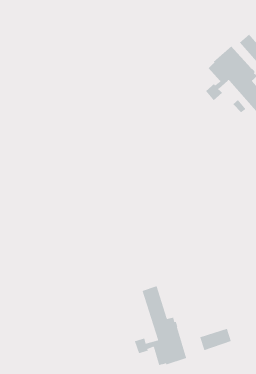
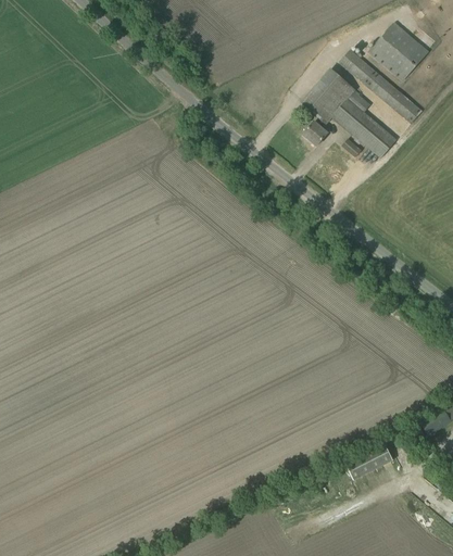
building: [134,285,187,366] -> none

